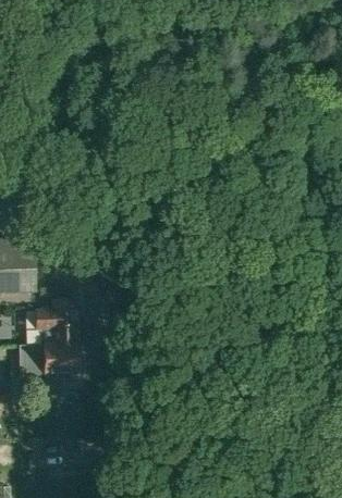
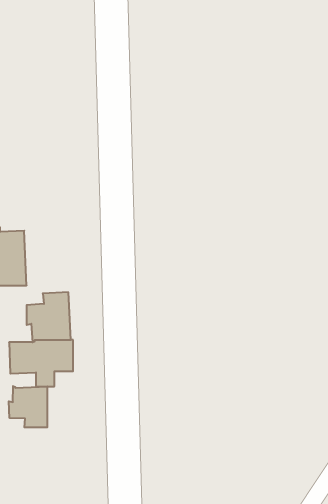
building: none -> [9,386,47,427]

